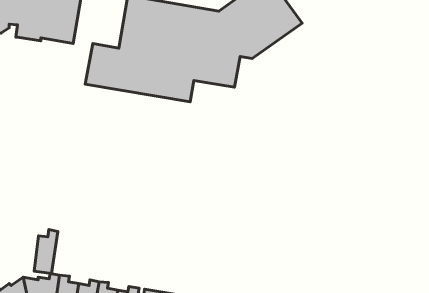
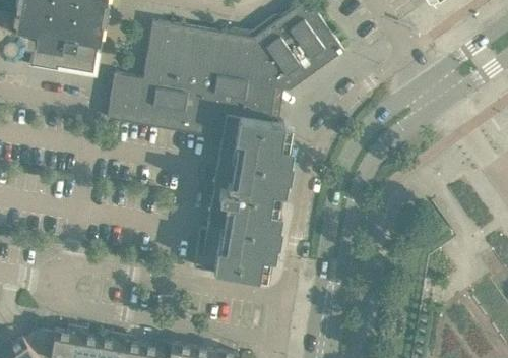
building: none -> [194,113,293,277]
building: [34,229,58,274] -> none

